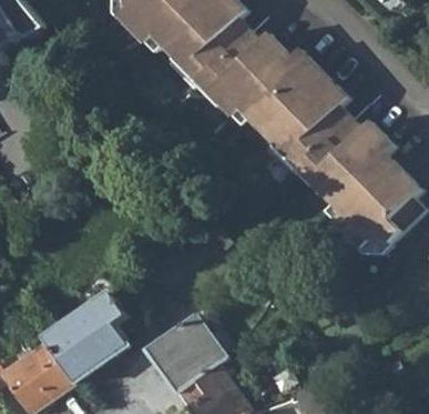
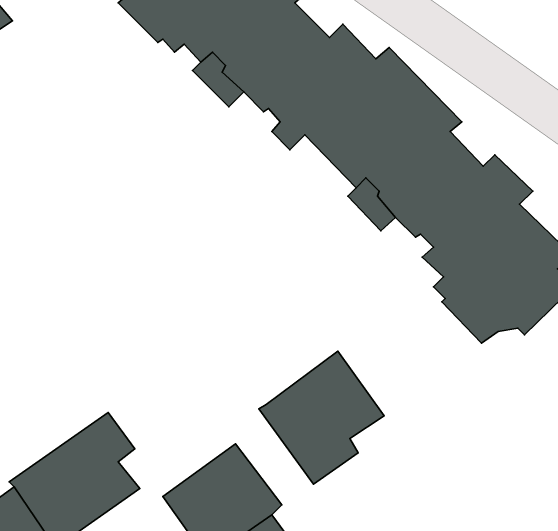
building: none -> [259,351,384,484]

